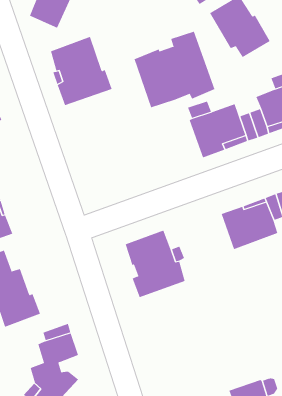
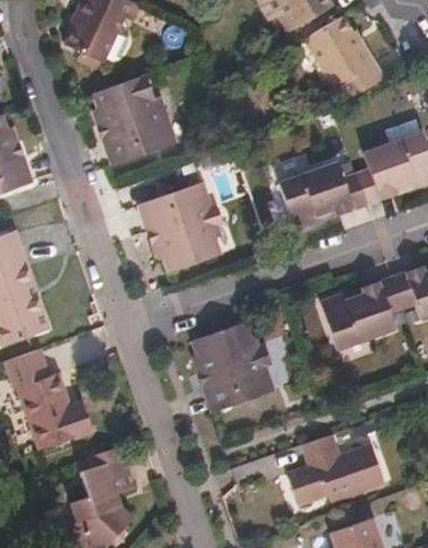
building: [134,31,215,108] -> none
building: none -> [140,182,223,277]
building: none -> [286,435,383,504]

